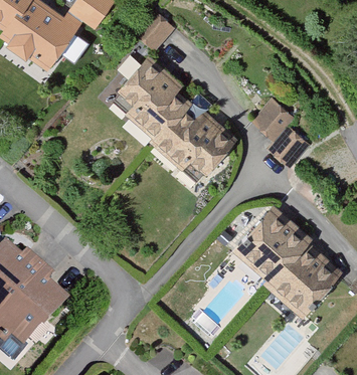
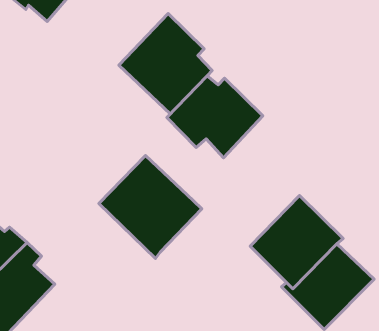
building: [252,93,313,164] -> none
building: none -> [99,155,202,258]

